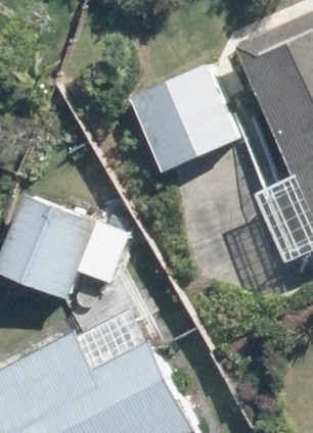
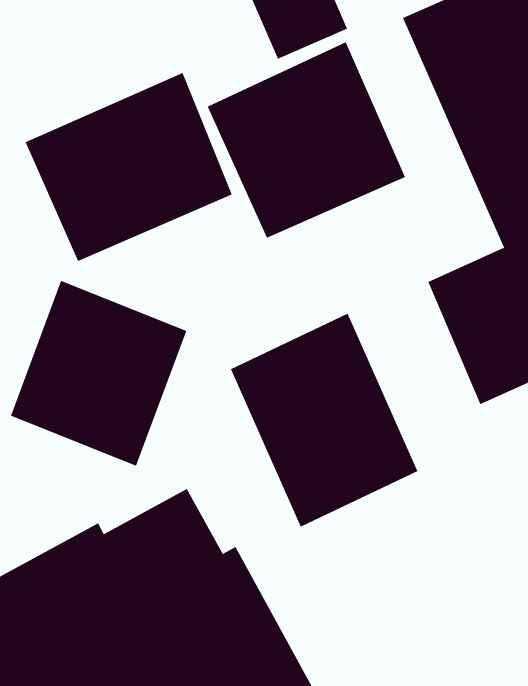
building: none -> [25,72,233,262]
building: none -> [230,313,418,528]

